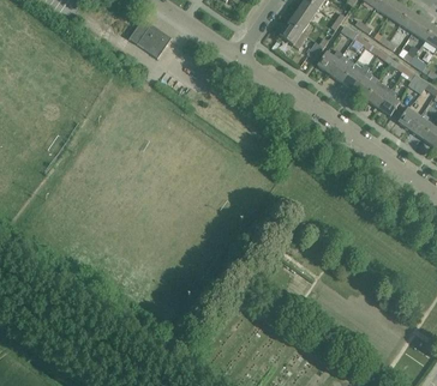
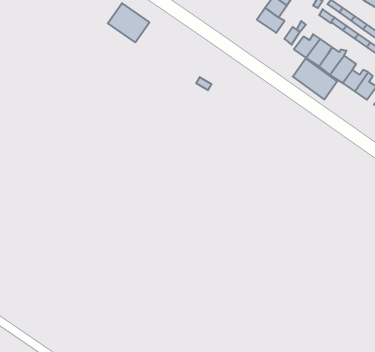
building: none -> [293,59,337,100]

